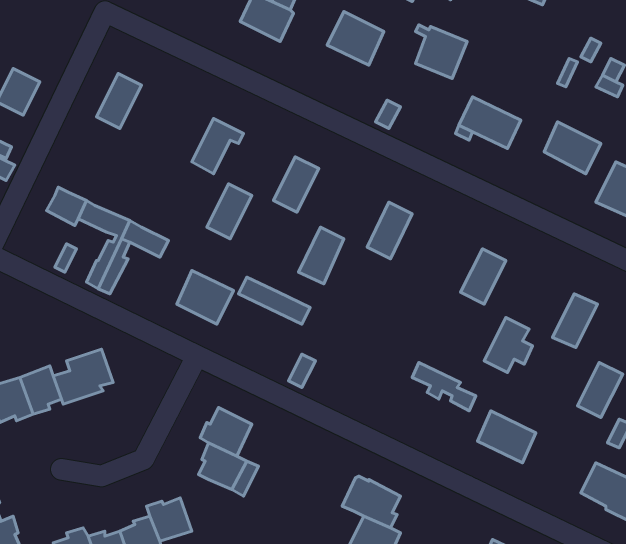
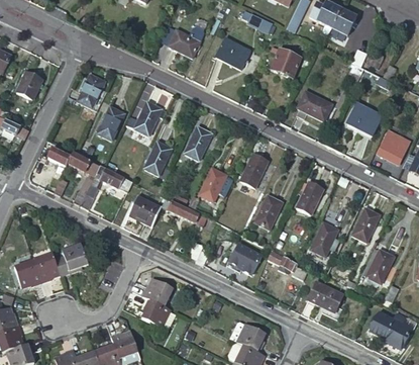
building: none -> [99,104,126,139]
building: none -> [256,195,284,230]
building: none -> [229,243,263,274]

